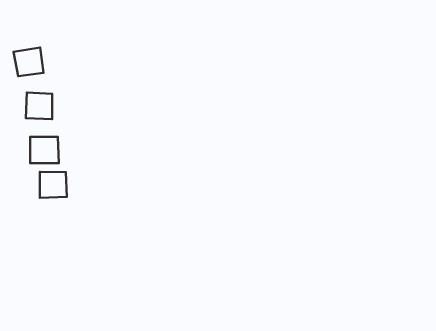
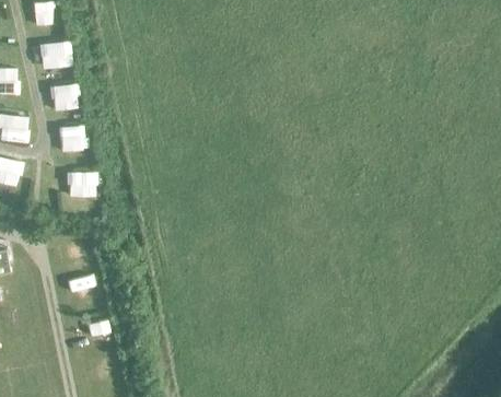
building: none -> [44,42,69,67]
building: [40,172,67,198] -> none

